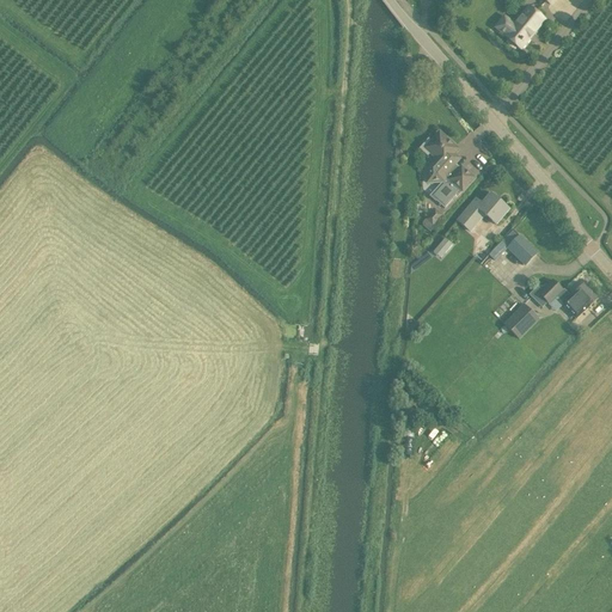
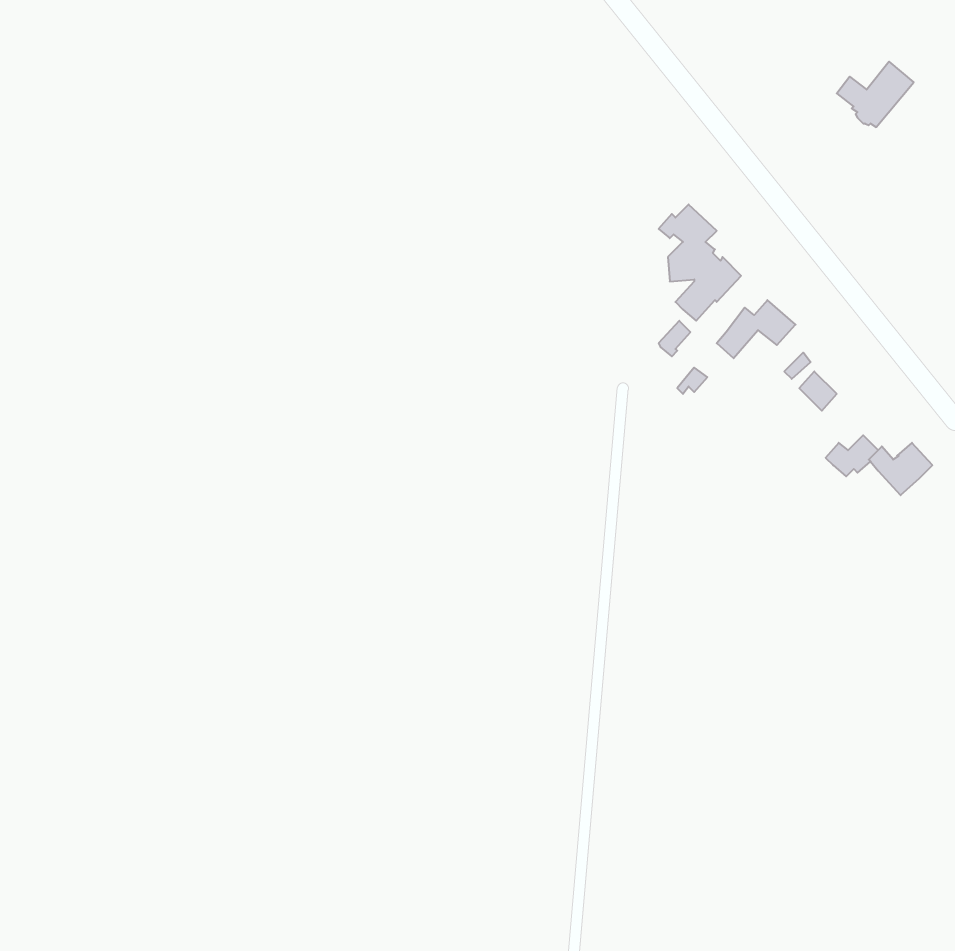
building: [496,5,545,47] -> [837,62,914,127]
building: [502,301,536,335] -> none

